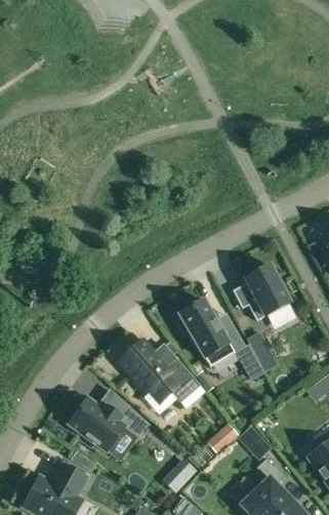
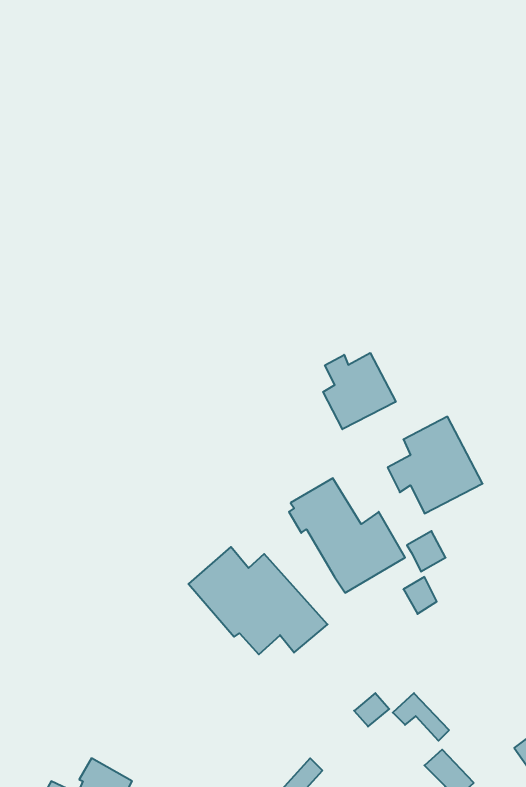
building: none -> [323,353,396,429]
building: [69,392,148,450] -> none

